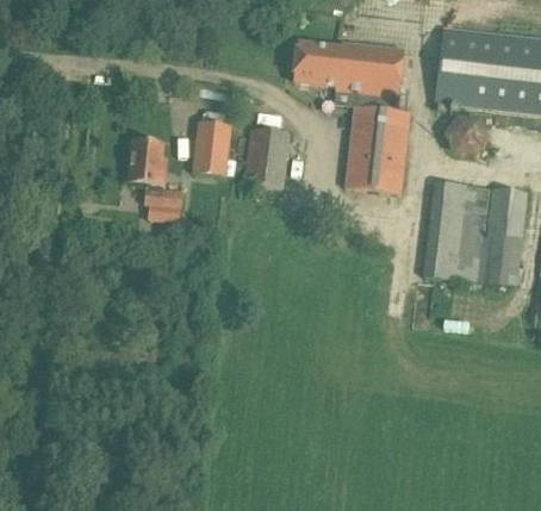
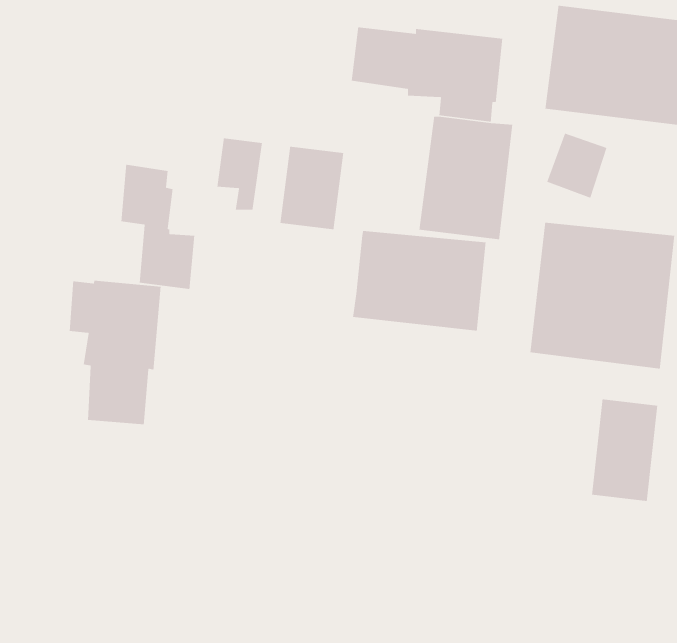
building: none -> [352,230,487,331]
building: none -> [69,280,161,425]
building: none -> [591,399,658,502]

